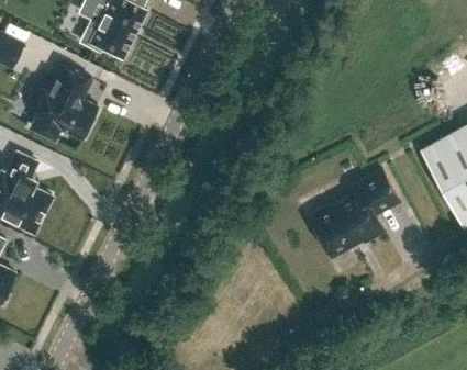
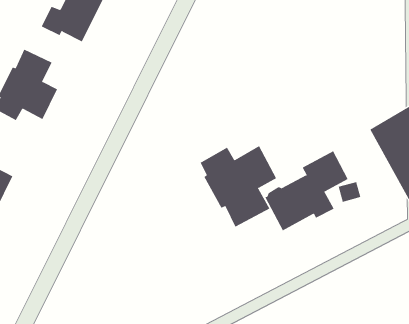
building: none -> [200,145,277,227]

